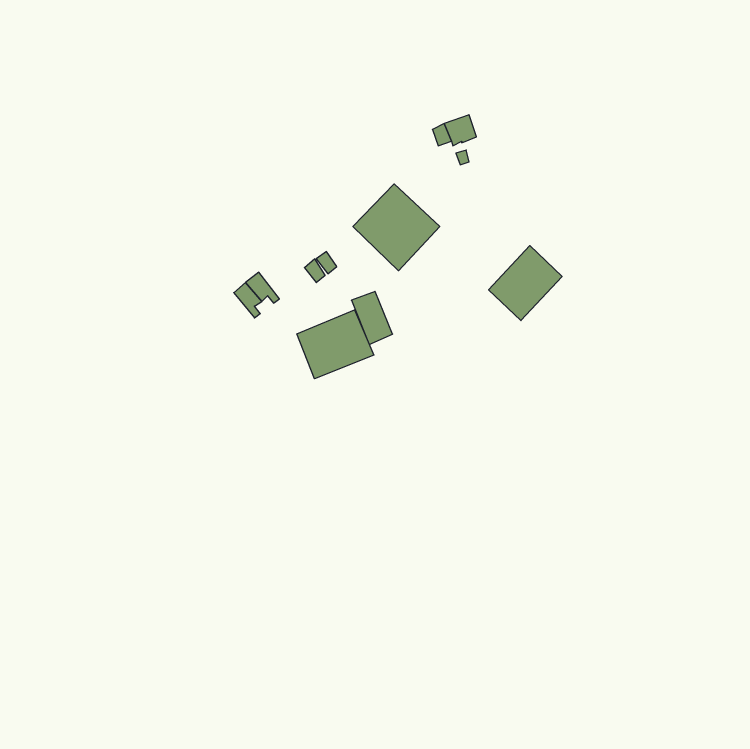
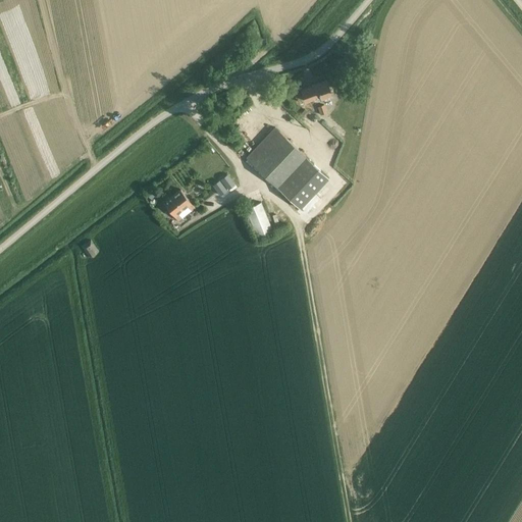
building: [489,246,562,321] -> [276,159,327,211]
building: [297,310,374,379] -> none

